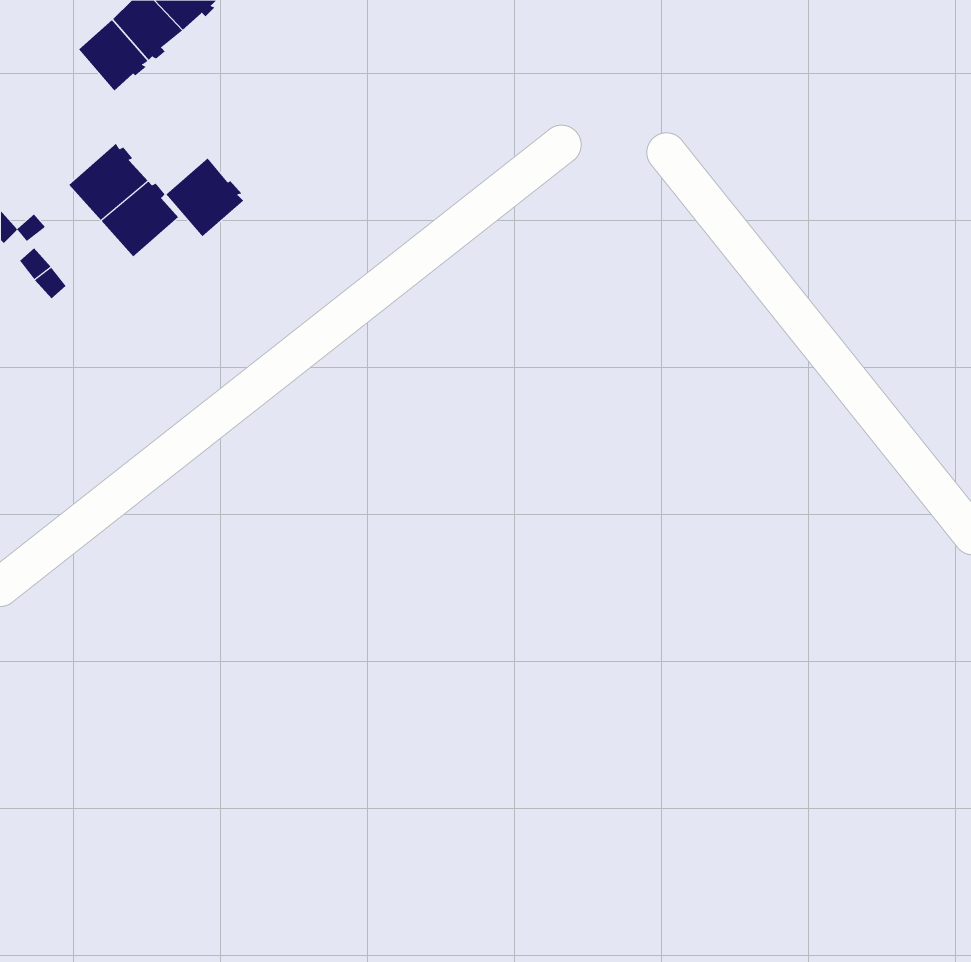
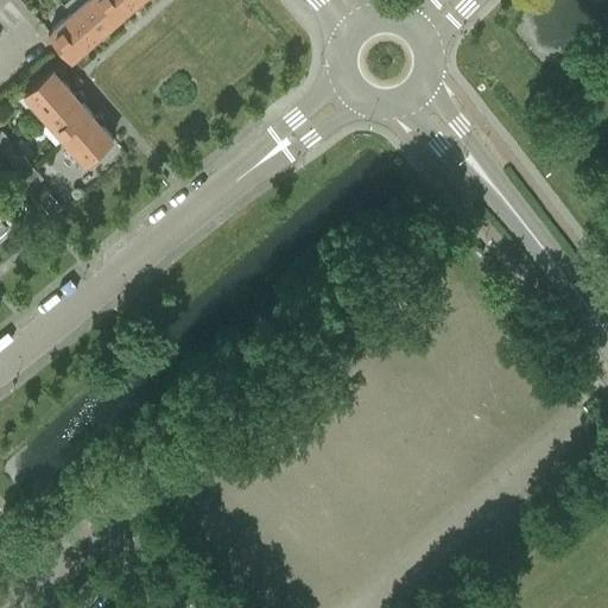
building: none -> [24,74,74,122]
building: [166,158,244,237] -> none

